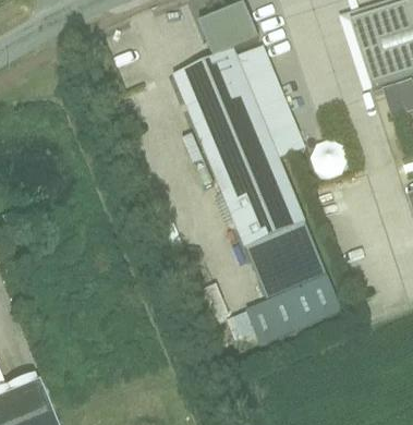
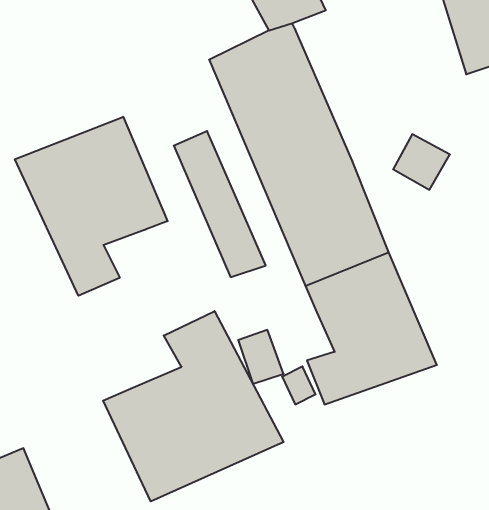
building: [239,51,307,160] -> [174,131,266,277]
building: none -> [15,117,168,296]
building: none -> [103,311,284,501]

